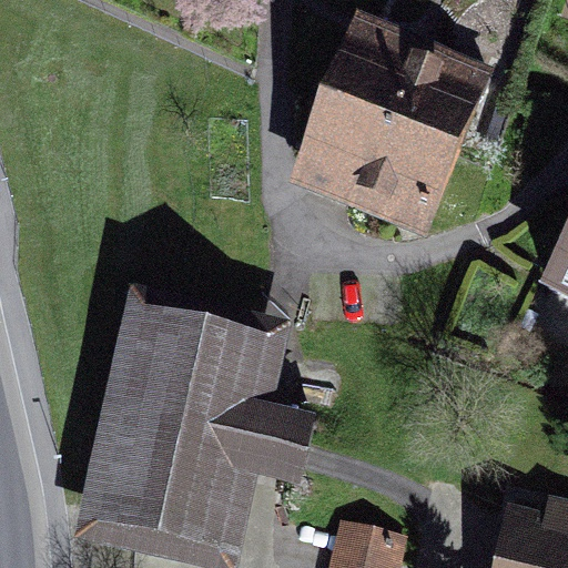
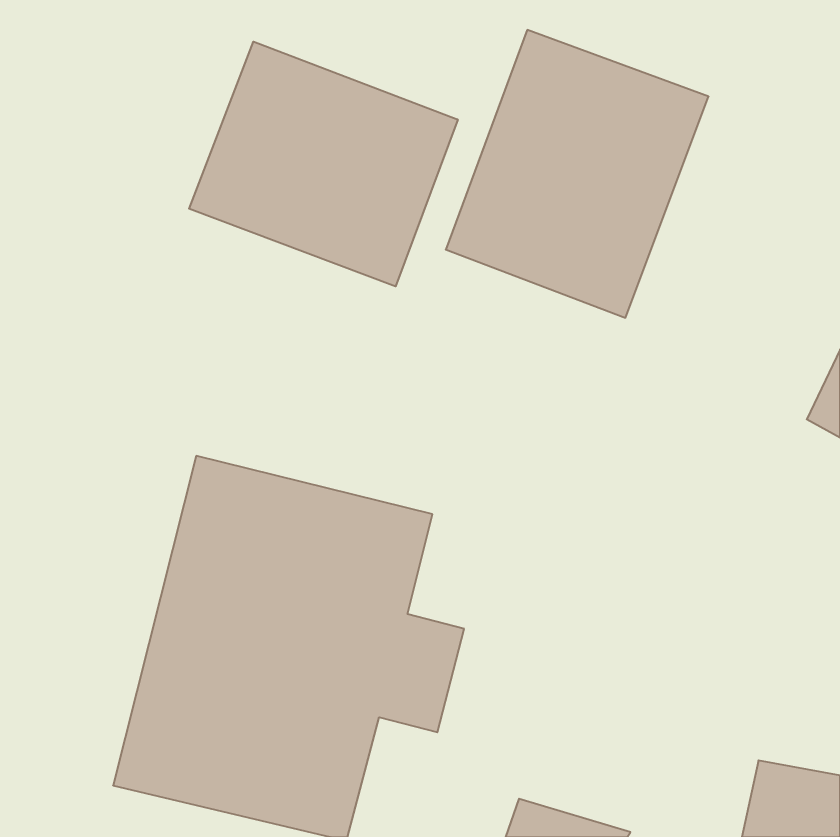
building: none -> [189,42,458,286]

